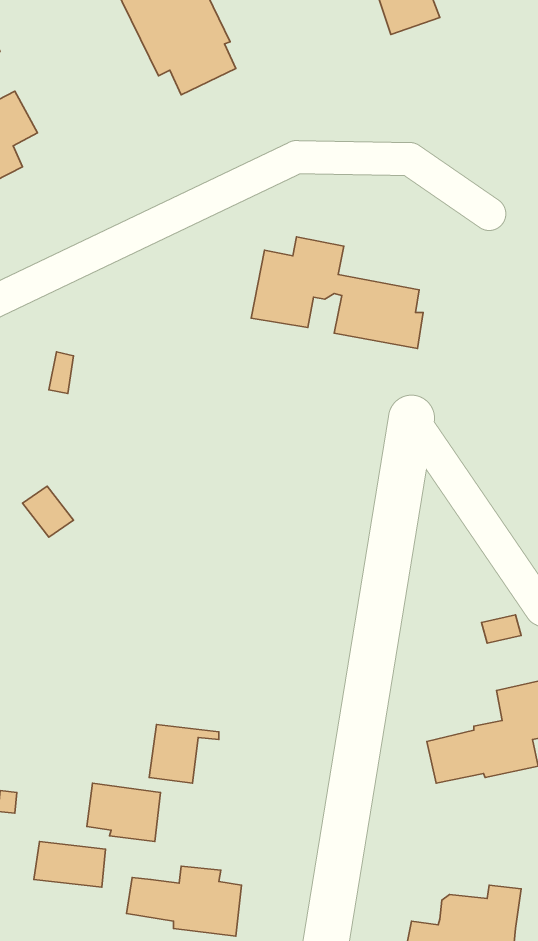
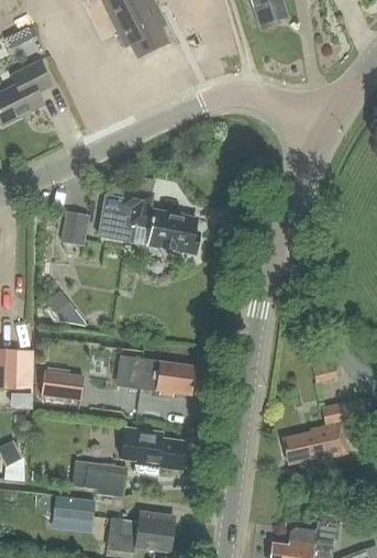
building: [251,237,423,348] -> [98,187,198,252]
building: none -> [131,357,195,395]
building: none -> [40,370,82,401]
building: none -> [143,436,185,474]

